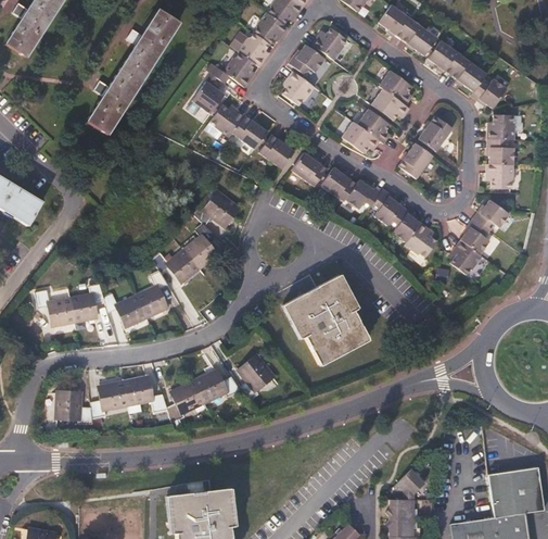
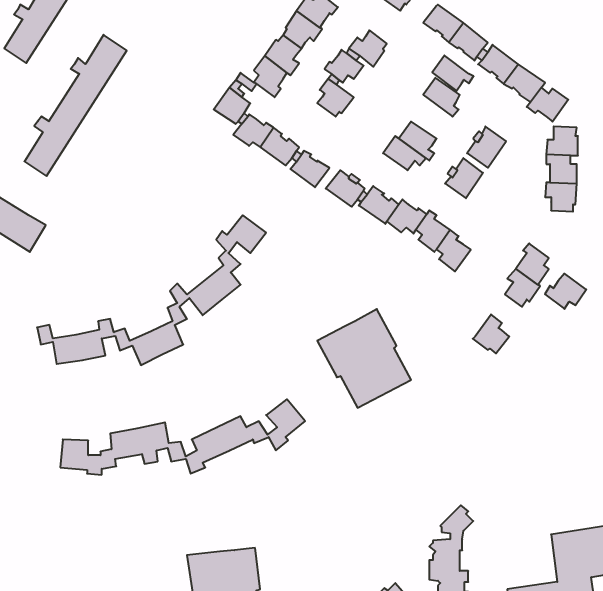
building: [87,9,178,135] -> [24,35,127,176]
building: [372,88,409,120] -> [432,55,474,91]
building: [473,199,510,230] -> [545,274,586,309]
building: [405,223,437,258] -> [473,314,509,353]

